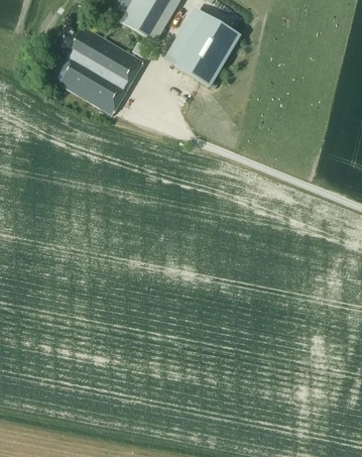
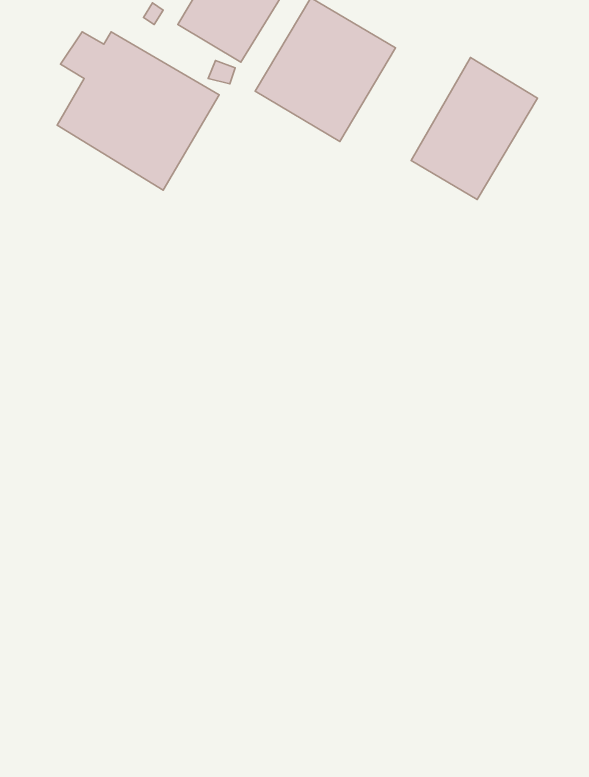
building: none -> [411,58,537,199]

